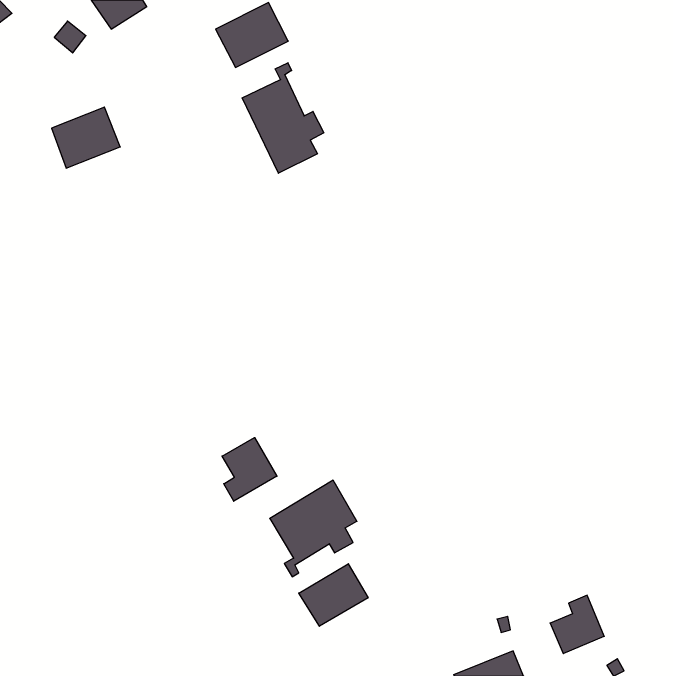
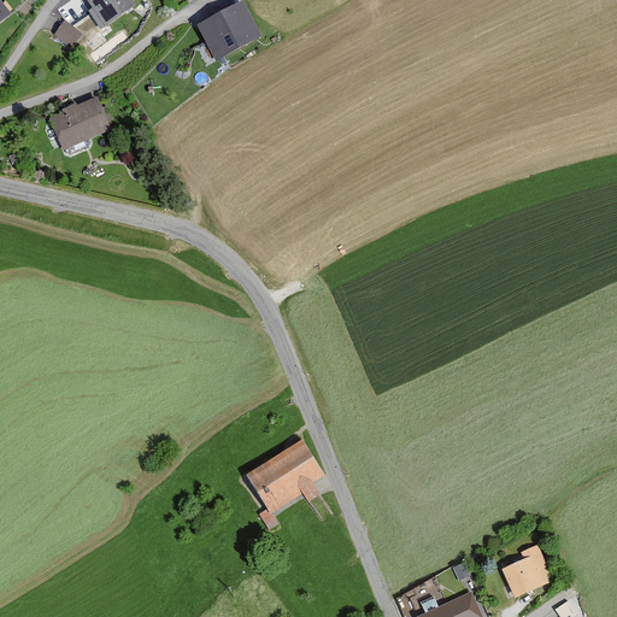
building: [242,63,324,173] -> none
building: [222,438,277,501] -> none
building: [299,564,368,626] -> none

